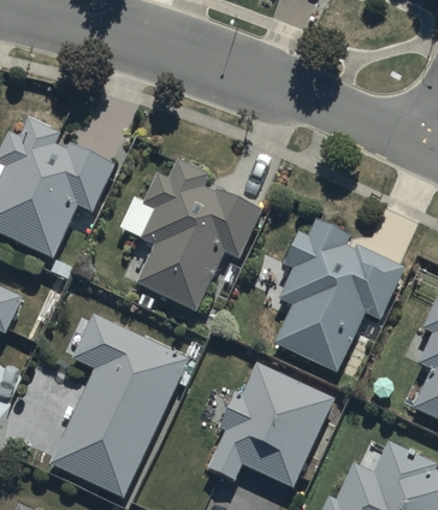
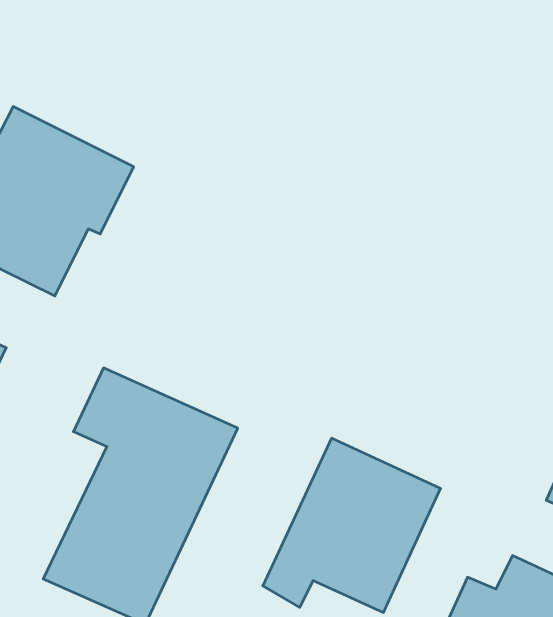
building: [137,158,264,312] -> none
building: [273,218,403,364] -> none

